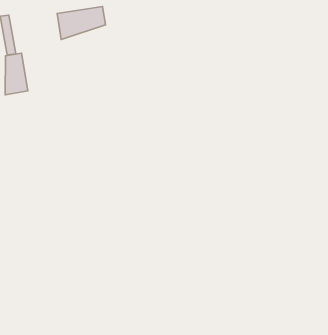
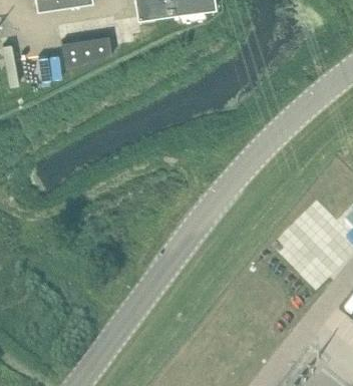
building: [5,53,28,95] -> none

